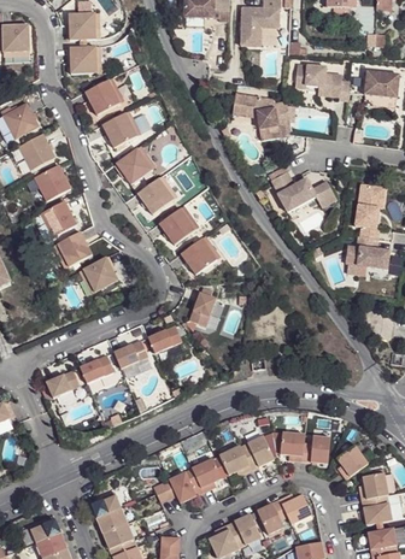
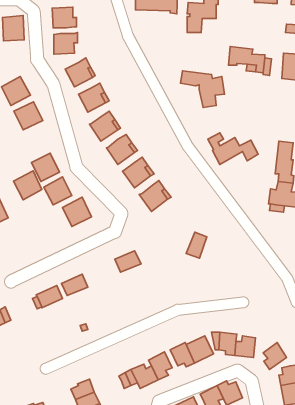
building: [34,164,70,201] -> [14,171,42,200]
building: [189,293,216,326] -> [186,232,207,258]
building: [115,340,148,369] -> none

